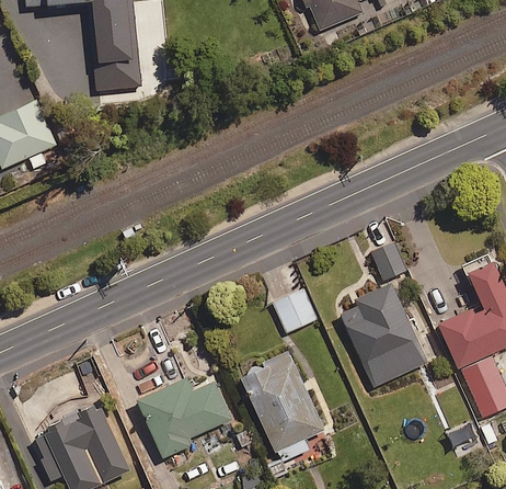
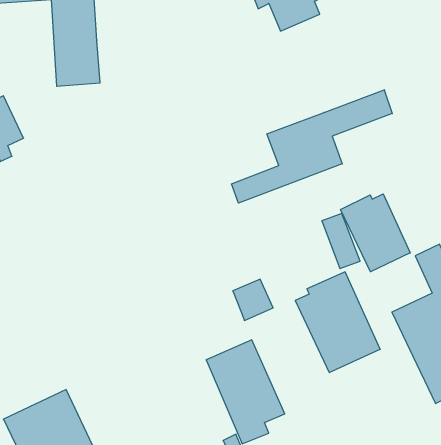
building: none -> [232,90,392,203]
building: none -> [341,194,410,272]
building: [140,377,234,456] -> none

